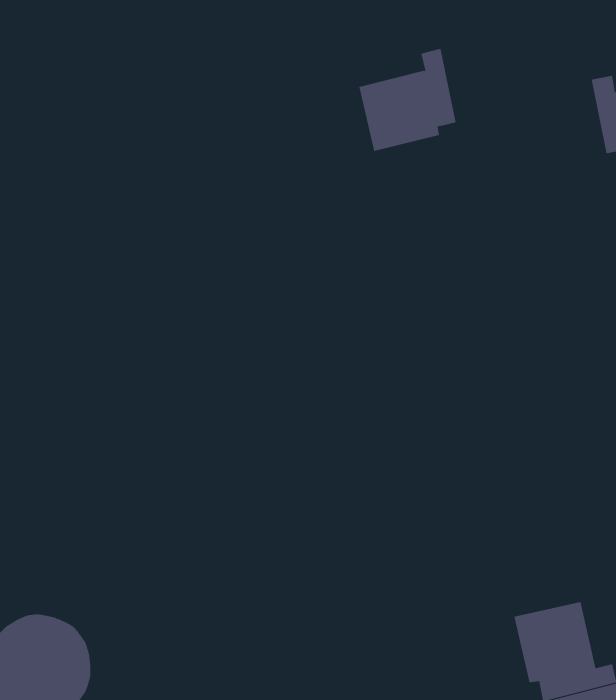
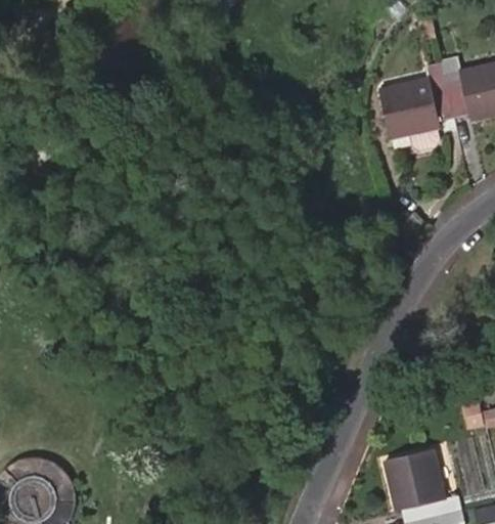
building: [358,48,456,152] -> [380,61,453,138]

